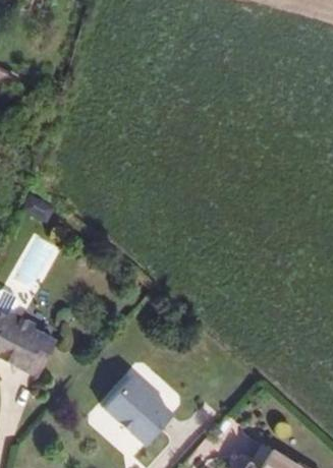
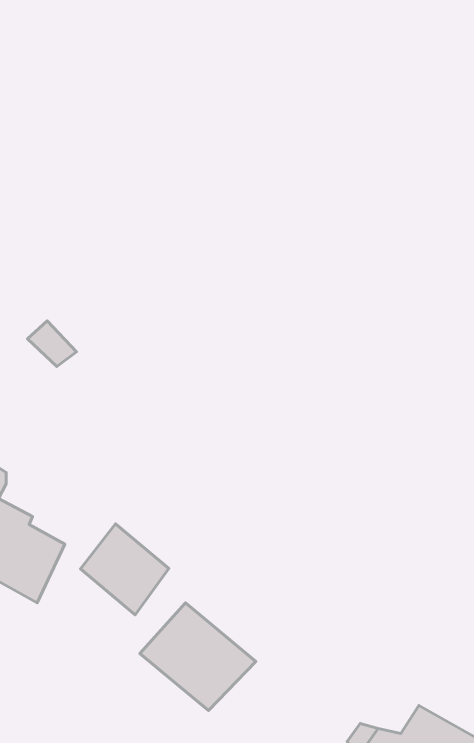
building: none -> [80,524,169,615]

